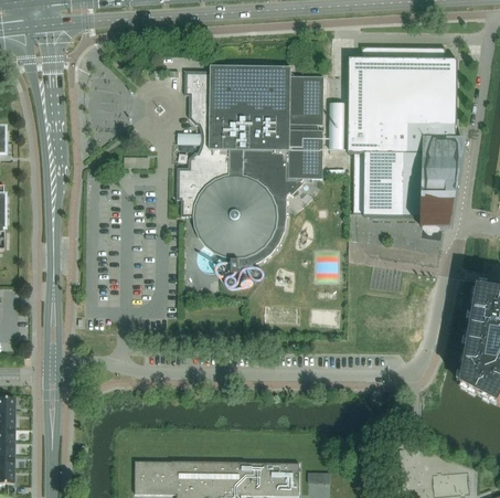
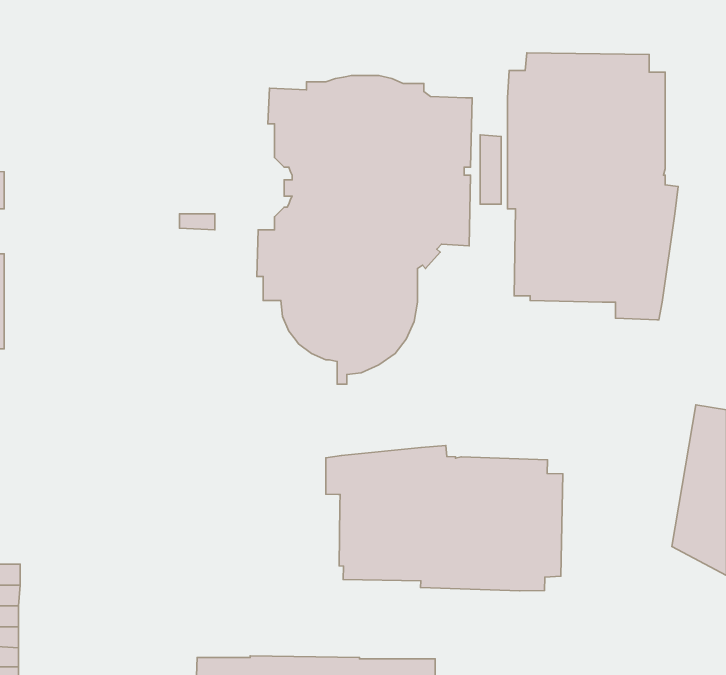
building: none -> [326,446,563,591]

